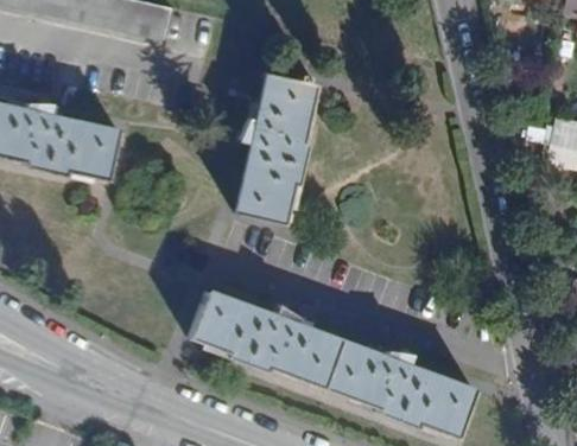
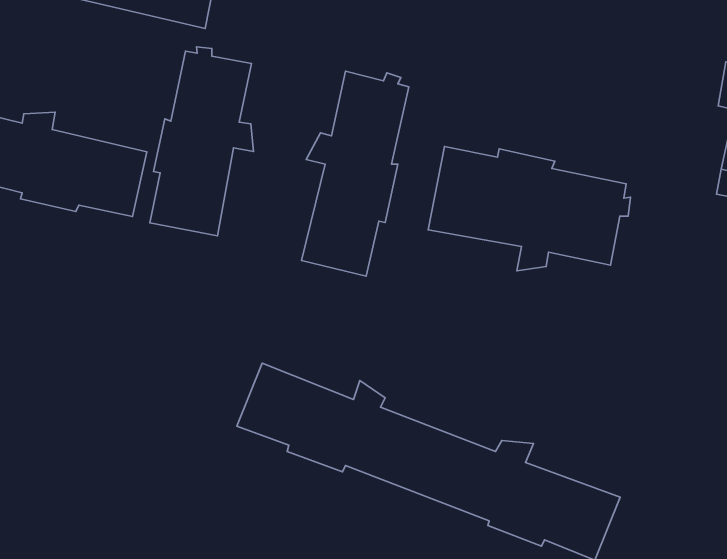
building: none -> [150,47,253,236]
building: none -> [428,147,631,271]

